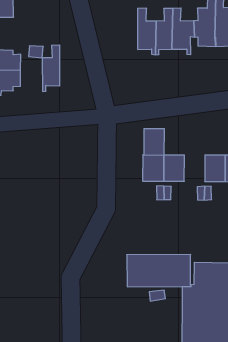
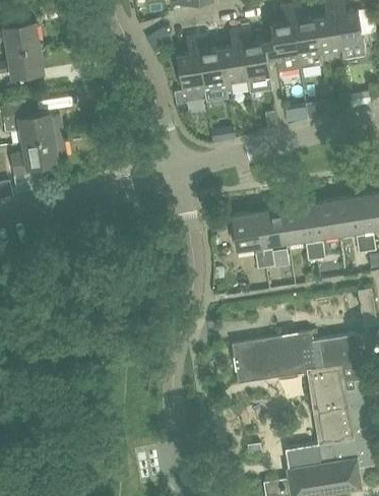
building: [42,45,60,91] -> [177,37,204,98]
building: [144,129,164,155] -> [283,205,314,242]

